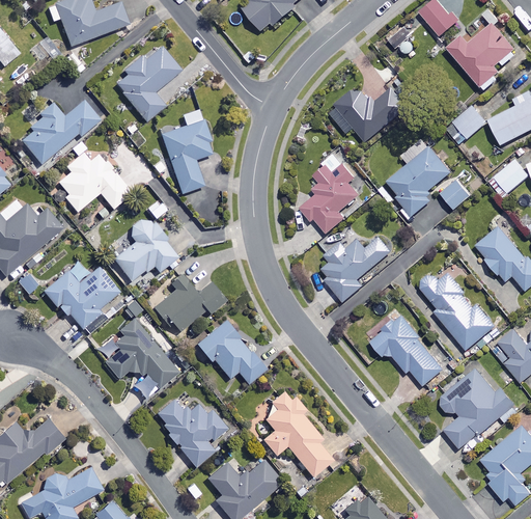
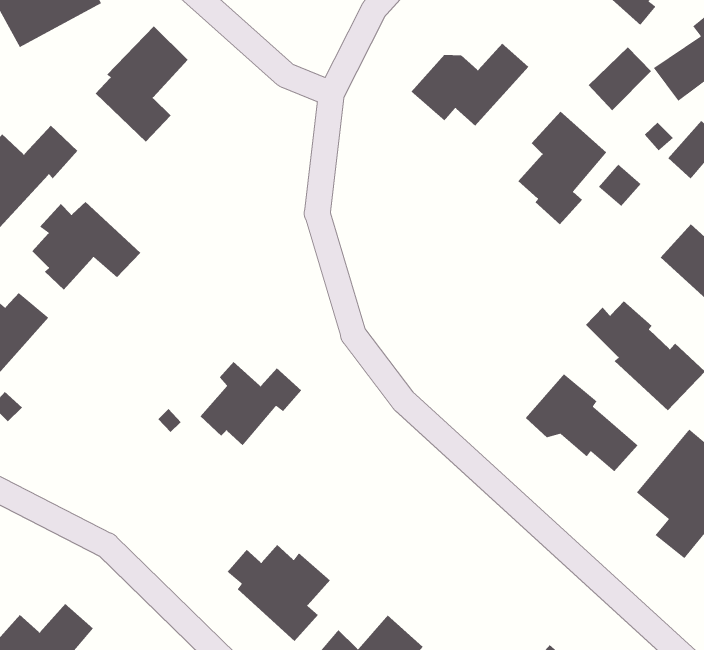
building: [161,119,212,193] -> none
building: [301,153,359,233] -> none
building: [114,216,177,279] -> none
building: [323,235,391,301] -> none
building: [44,261,121,328] -> none
building: [197,319,268,383] -> none
building: [95,320,178,397] -> none
building: [263,391,333,475] -> none

